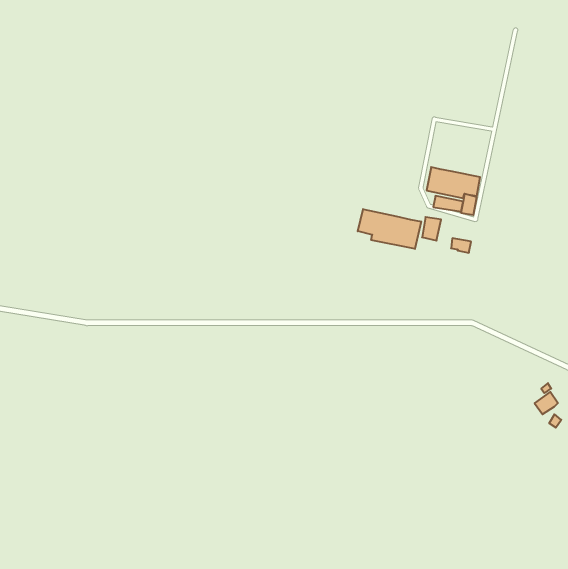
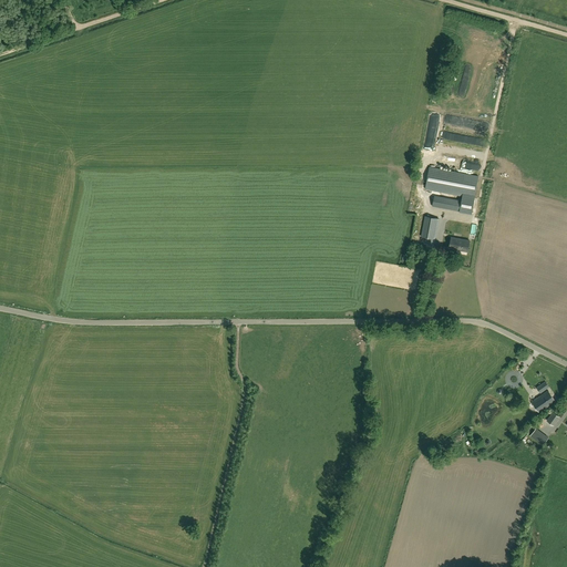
building: [358,209,421,249] -> none

